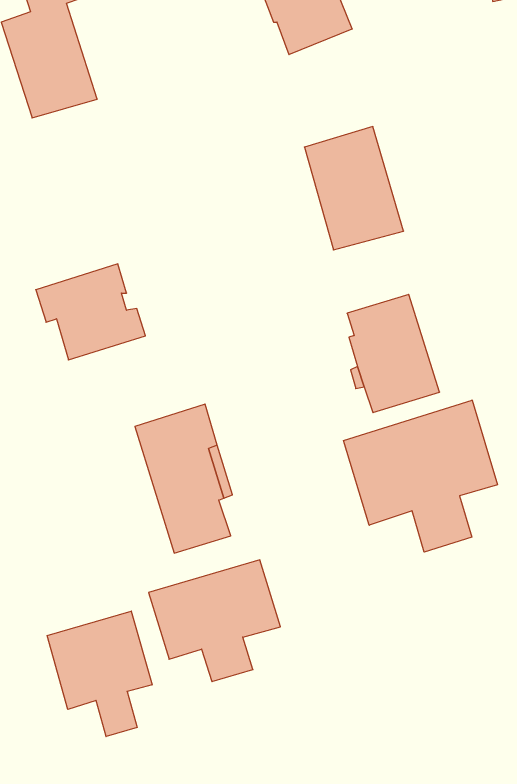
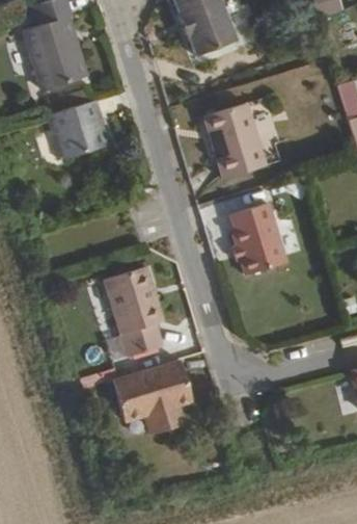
building: [36,264,145,360] -> [46,102,112,160]
building: [344,400,498,552] -> none
building: [47,611,152,737] -> none

